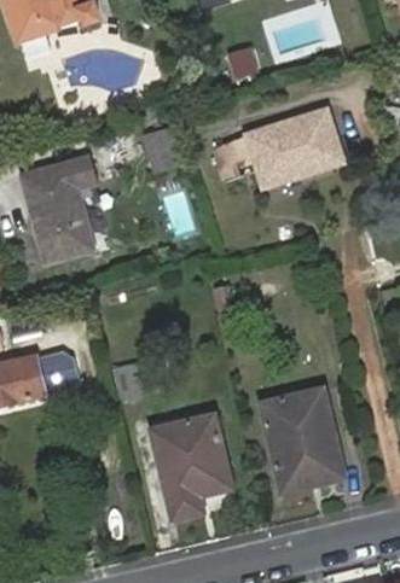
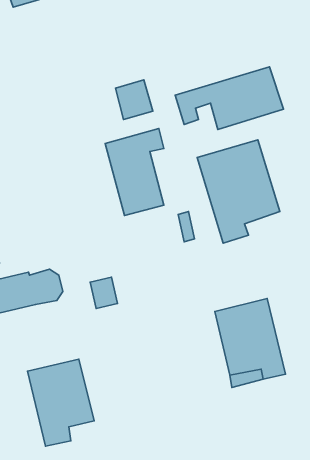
building: [21,157,91,261] -> [105,128,164,215]
building: none -> [197,140,280,243]
building: [151,415,231,519] -> [27,359,94,446]

